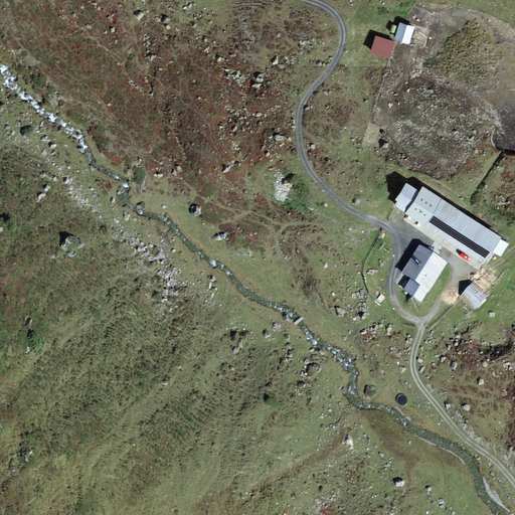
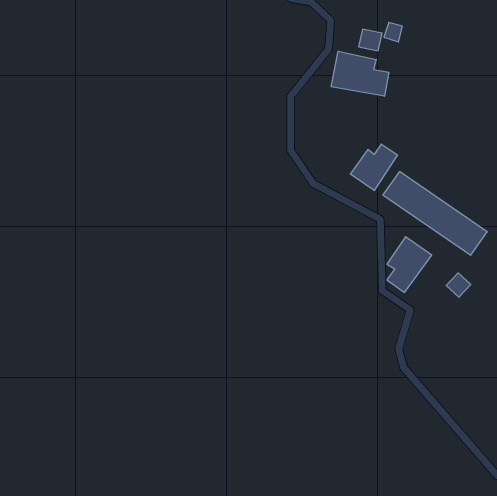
building: none -> [331,51,389,96]
building: none -> [350,144,398,191]

